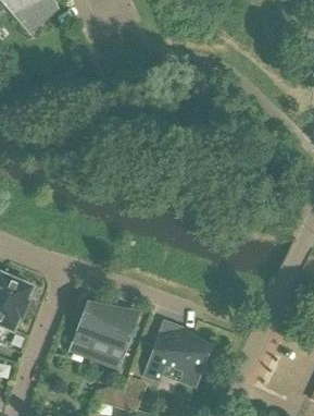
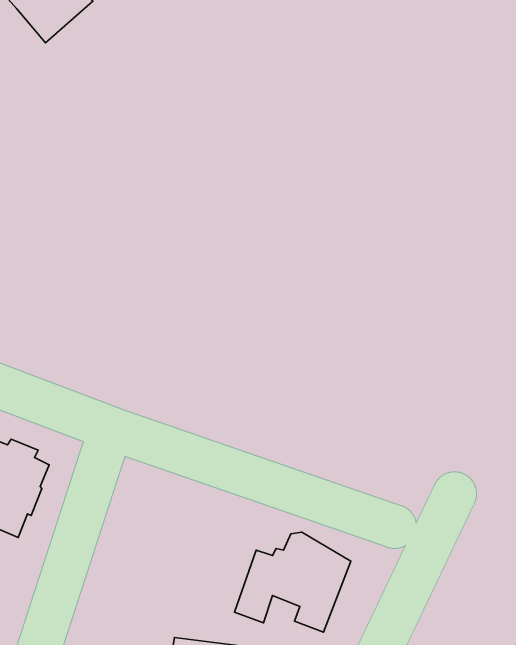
building: [72,302,137,371] -> none

